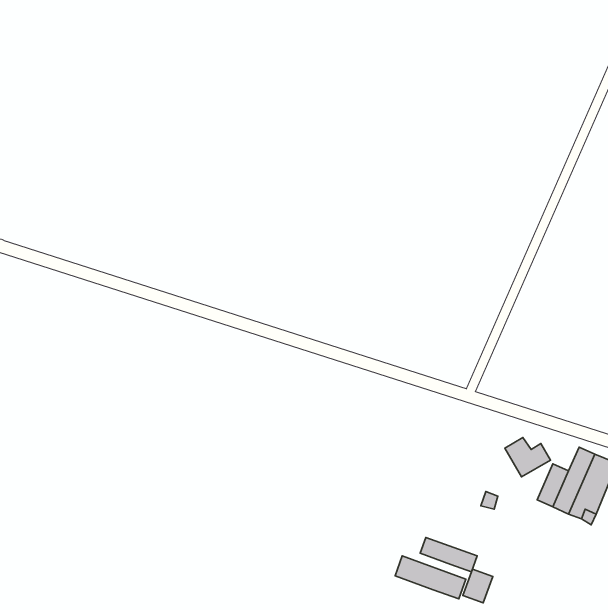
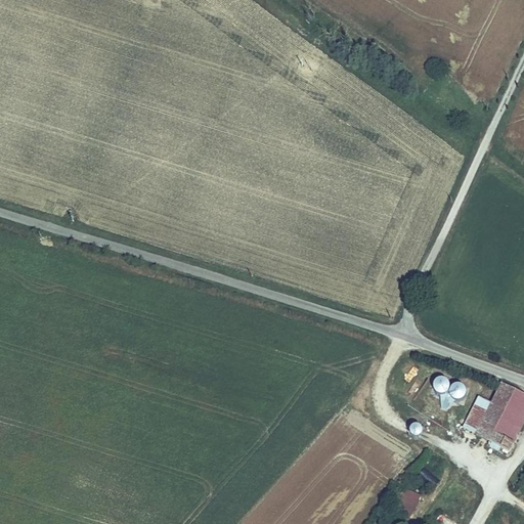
building: [420,537,477,572] -> none
building: [395,556,466,599] -> none

